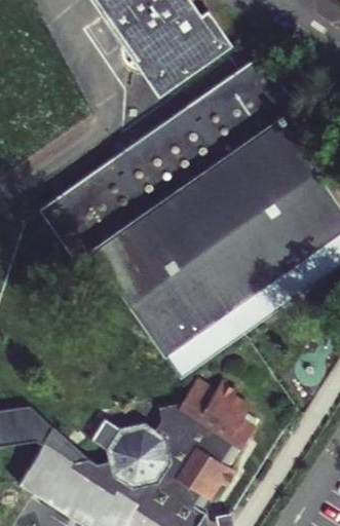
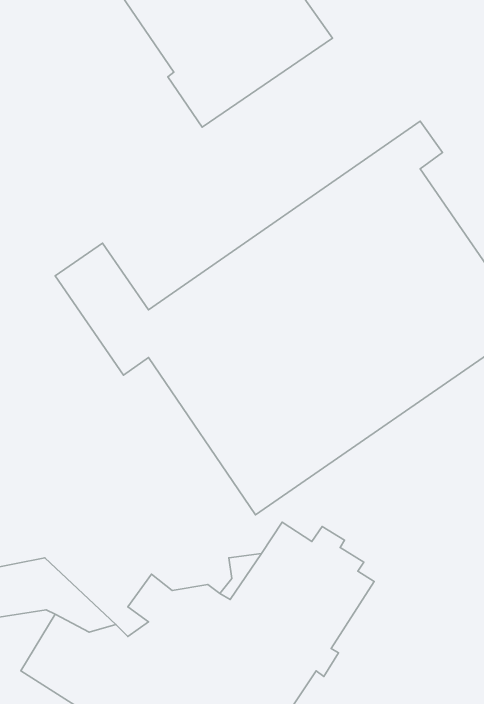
building: [72,57,292,233] -> none

